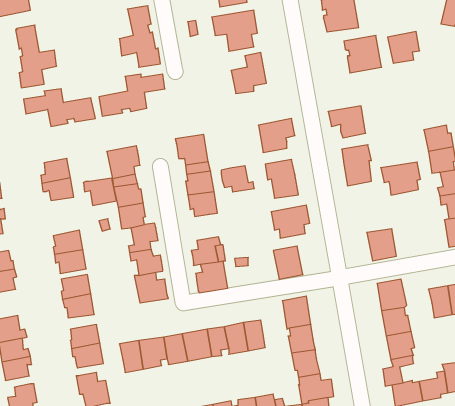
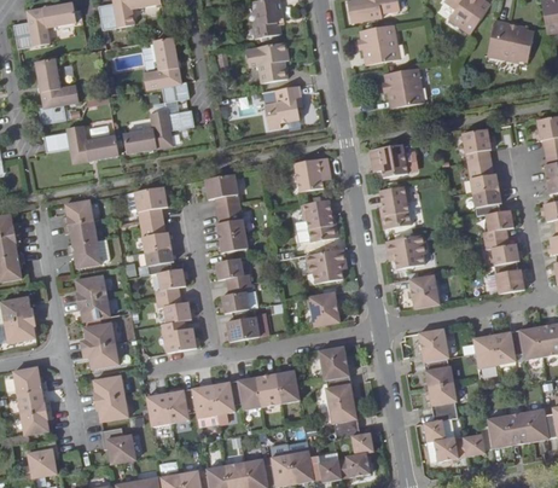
building: [388,31,420,63] -> [461,127,495,161]
building: [381,162,421,195] -> [383,234,425,269]
building: [221,166,254,192] -> [215,258,250,286]
building: [83,178,116,205] -> [66,240,101,269]

